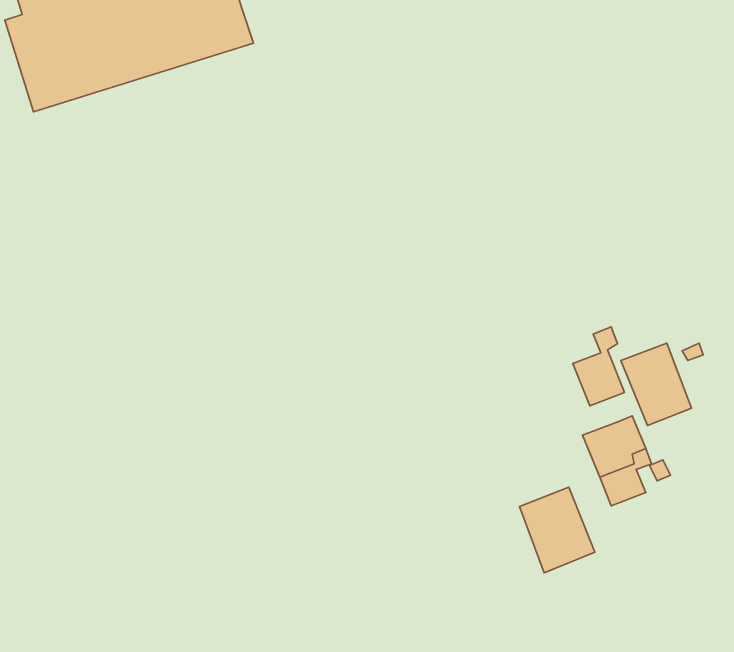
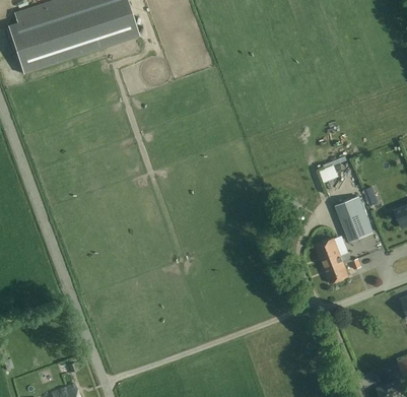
building: [573,327,625,406] -> none
building: [520,487,595,573] -> none

